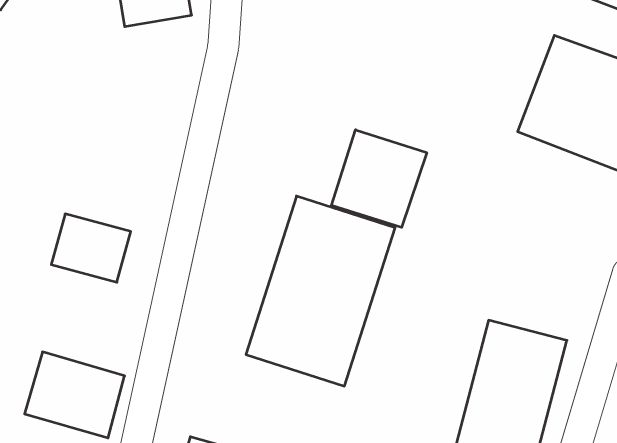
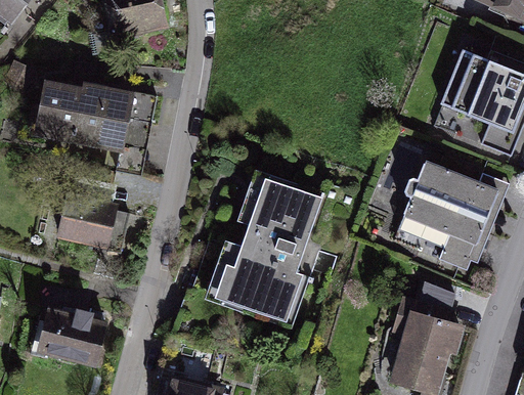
building: none -> [31,75,139,152]
building: [331,130,427,227] -> none
building: none -> [395,151,496,256]

